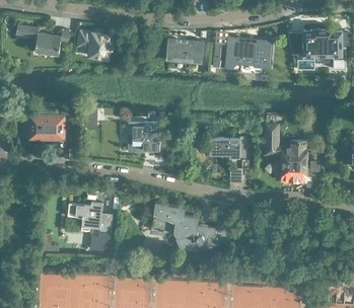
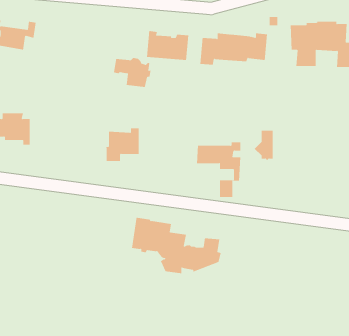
building: [78,31,112,58] -> [113,57,151,88]
building: [276,141,307,180] -> none
building: [67,202,113,243] -> none

